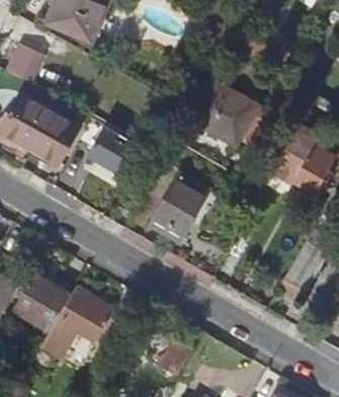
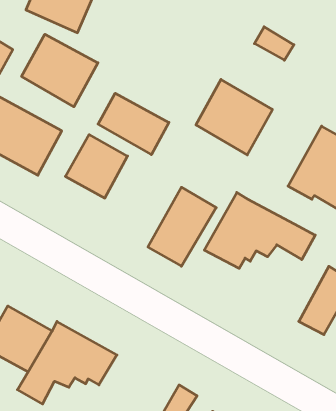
building: none -> [22,34,98,107]
building: none -> [98,93,169,155]
building: none -> [204,192,315,268]

